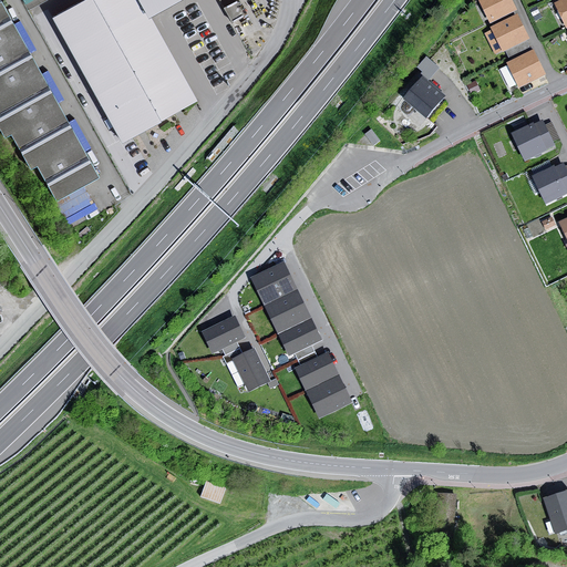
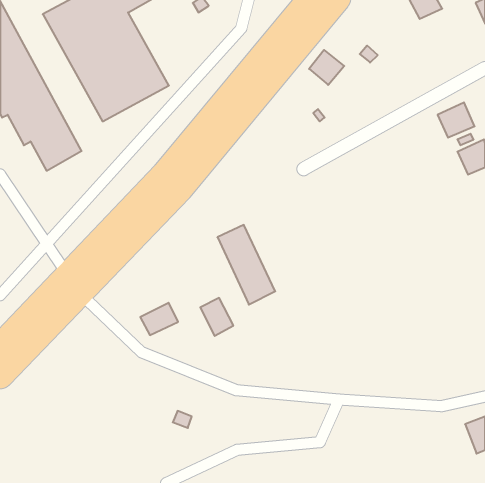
building: [492,16,528,51] -> none
building: [507,51,545,87] -> none
building: [406,78,447,118] -> [309,50,344,85]
building: [203,315,247,352] -> [140,303,178,335]
building: [298,354,352,419] -> none

